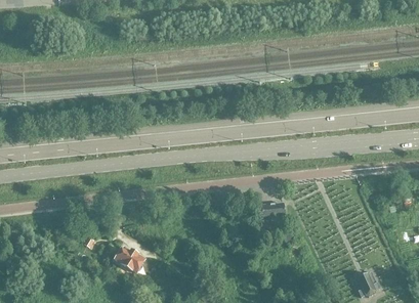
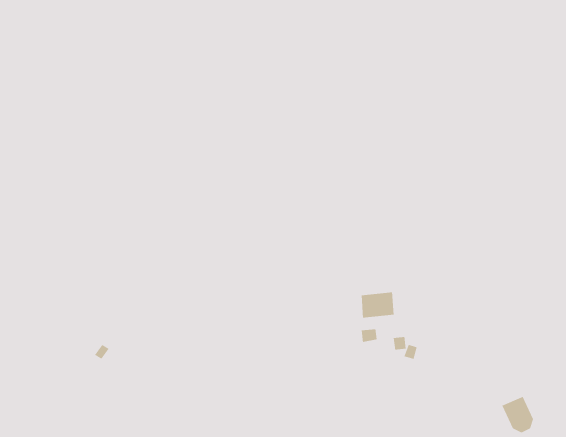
building: [113,244,143,270] -> none

